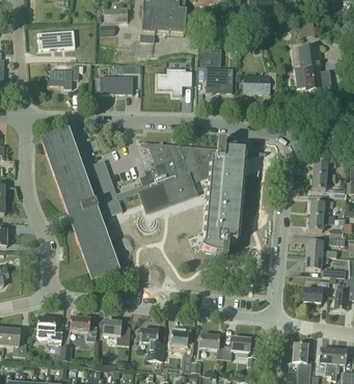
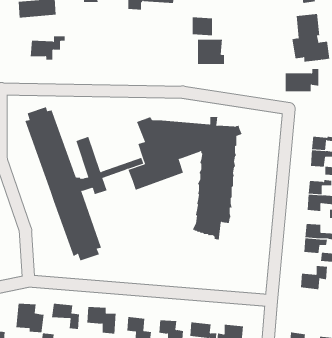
building: [157,72,191,94] -> none
building: [243,72,275,93] -> [285,68,319,92]
building: [100,77,132,93] -> none

